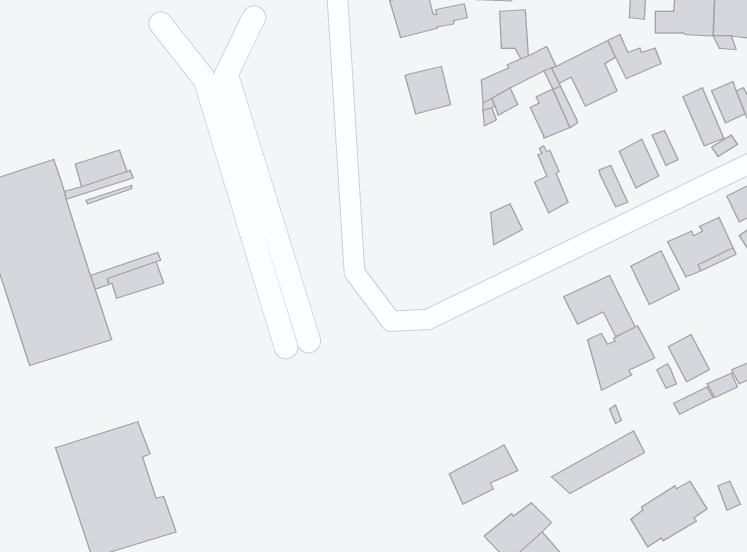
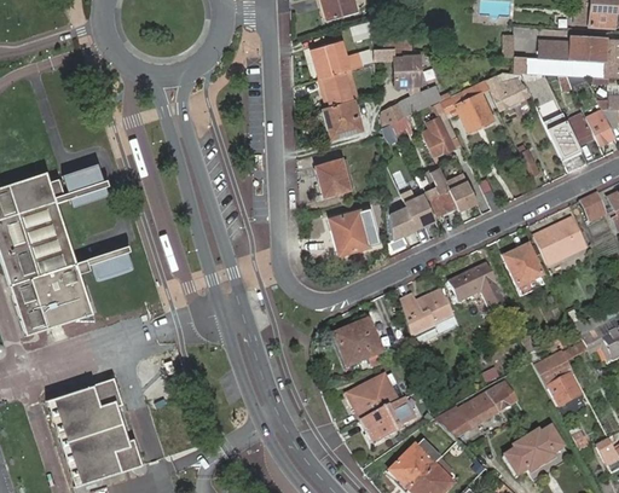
building: none -> [320,68,358,104]
building: [619,139,659,188] -> [446,172,478,210]
building: none -> [317,157,349,193]
building: none -> [401,187,435,227]
building: none -> [332,209,370,251]
building: [588,326,655,390] -> [401,286,455,337]
building: [668,334,709,382] -> [550,366,583,404]
building: none -> [332,323,378,365]
building: none -> [346,378,397,420]

